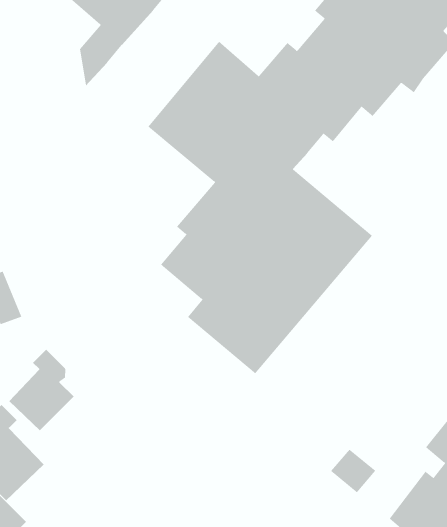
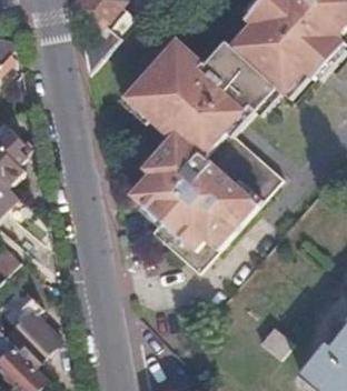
building: [8,349,74,431] -> none

